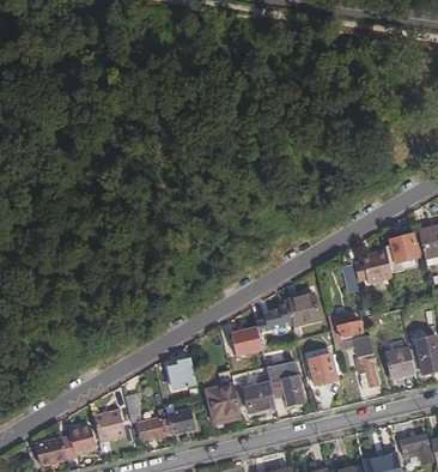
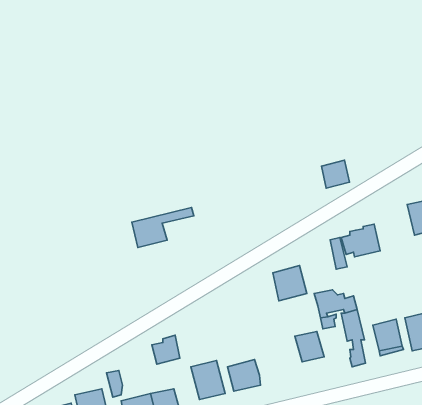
building: [389,231,416,259] -> [321,160,349,188]
building: [225,315,286,355] -> [132,207,194,248]
building: [264,361,304,406] -> none

